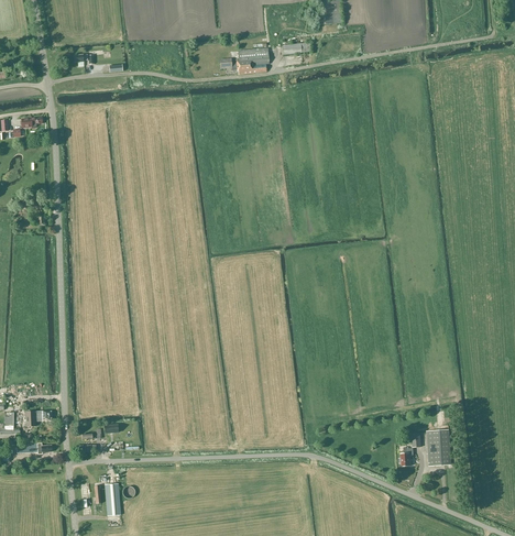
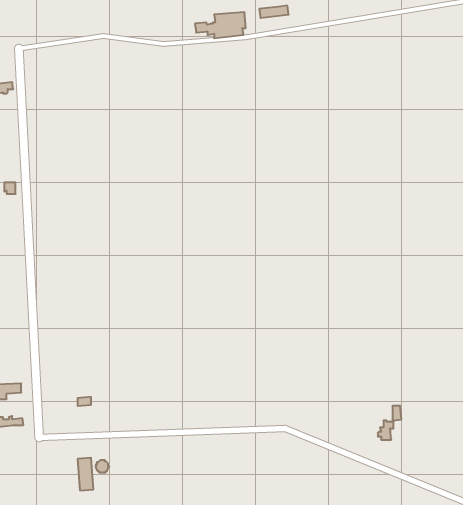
building: [425,429,450,466] -> none

